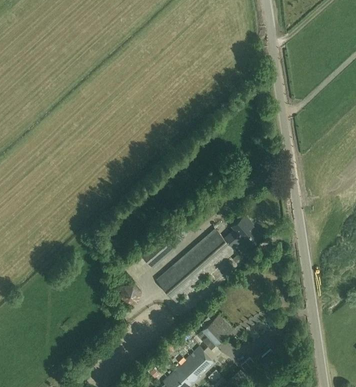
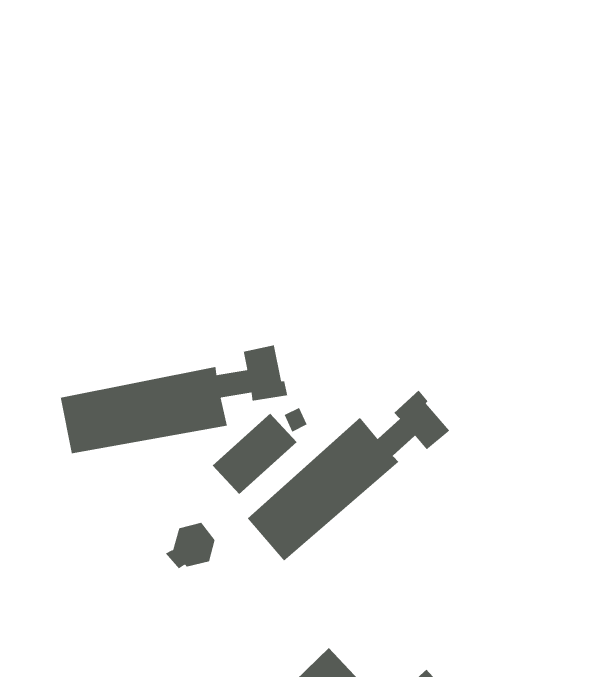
building: none -> [60,345,288,454]
building: [202,315,233,345] -> none

